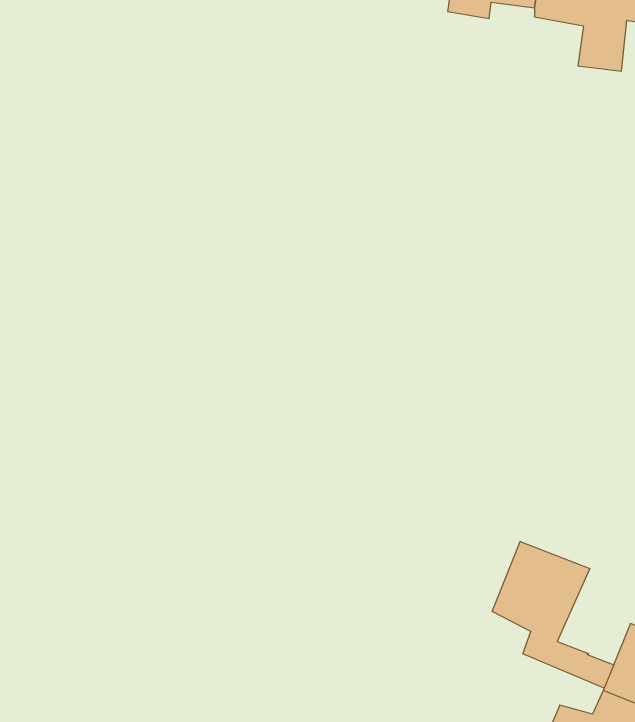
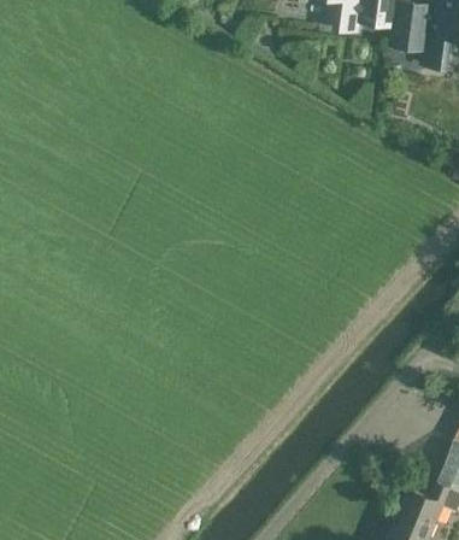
building: [492,541,614,688] -> none

